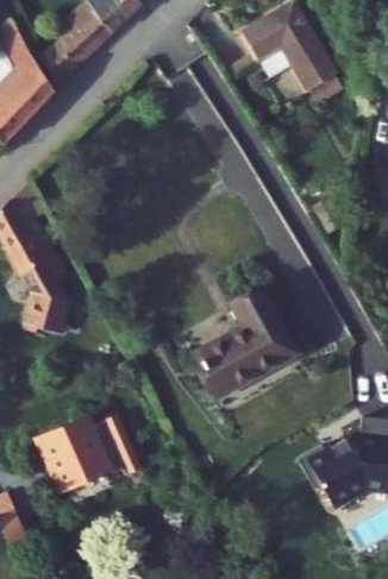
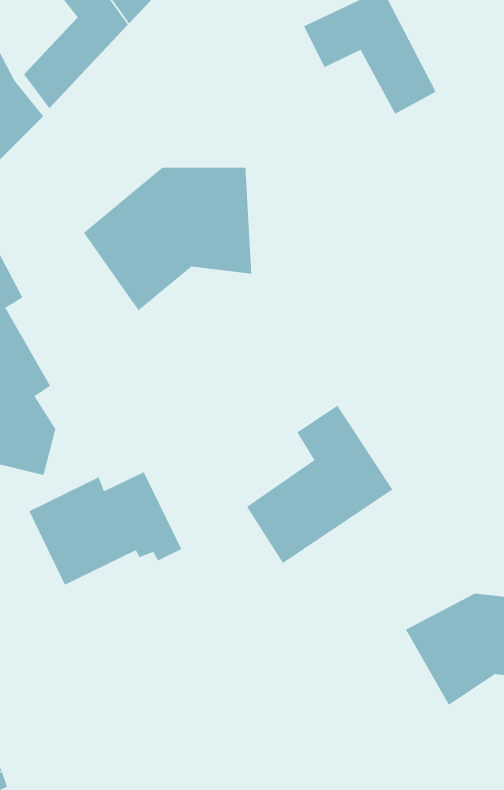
building: none -> [83,167,252,311]
building: [39,421,145,499] -> [28,471,182,585]

